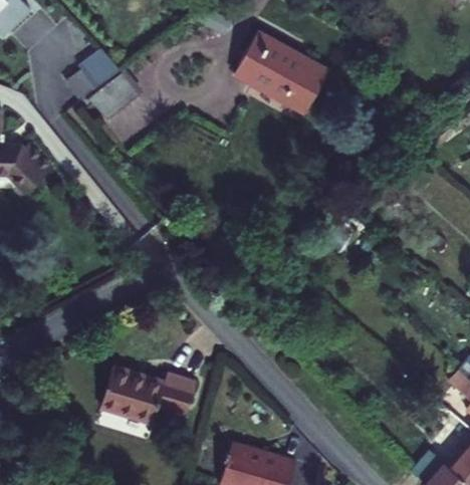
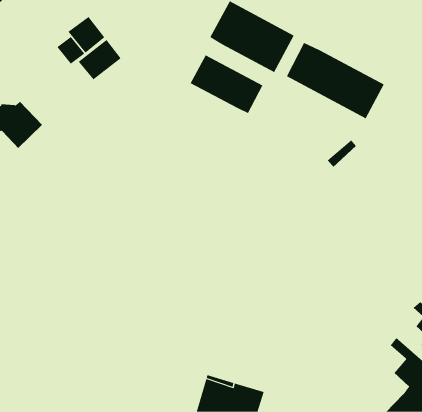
building: none -> [286,42,384,119]
building: none -> [190,54,263,114]
building: [100,368,196,424] -> none

